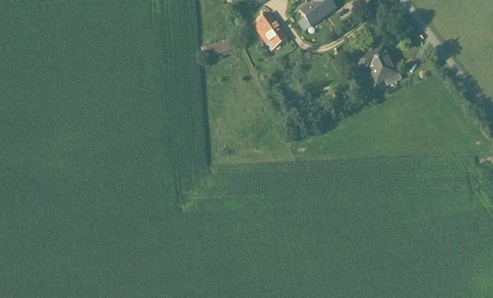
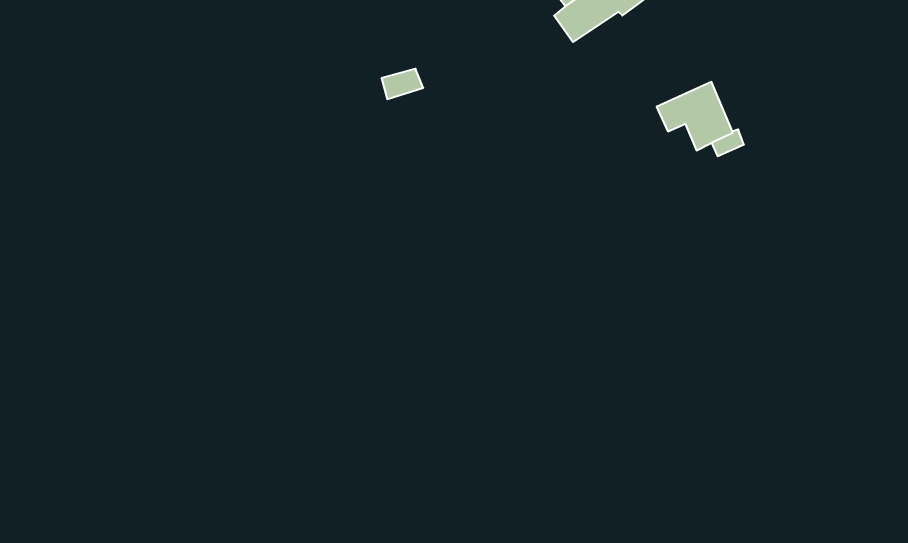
building: [253,14,285,49] -> none

